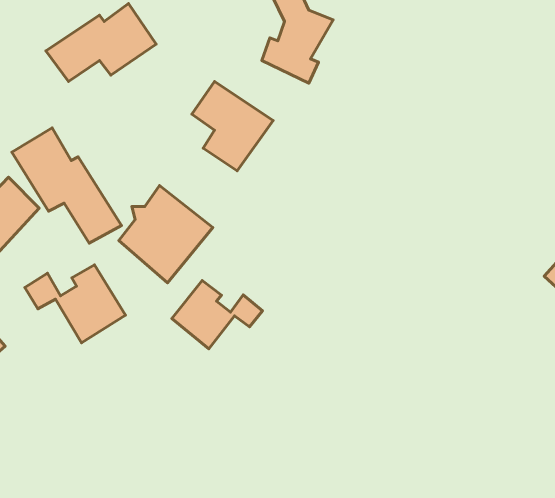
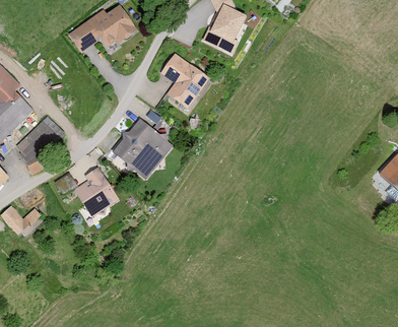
building: [12,128,121,243] -> none
building: [172,281,262,349] -> none

